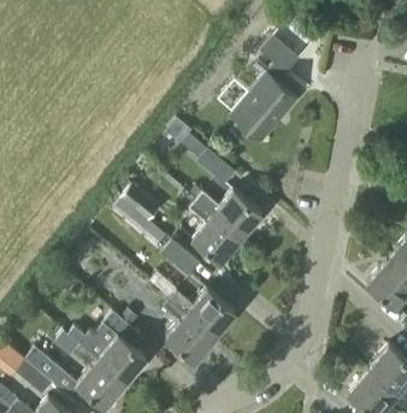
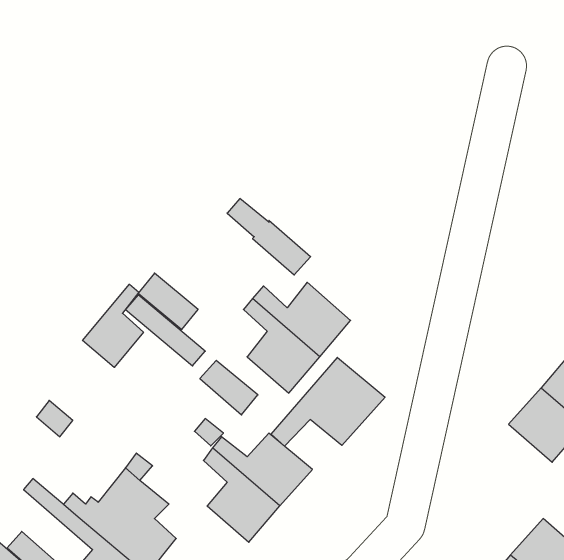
building: [230,35,299,141] -> none
building: none -> [83,284,143,367]
building: none -> [271,357,385,446]

